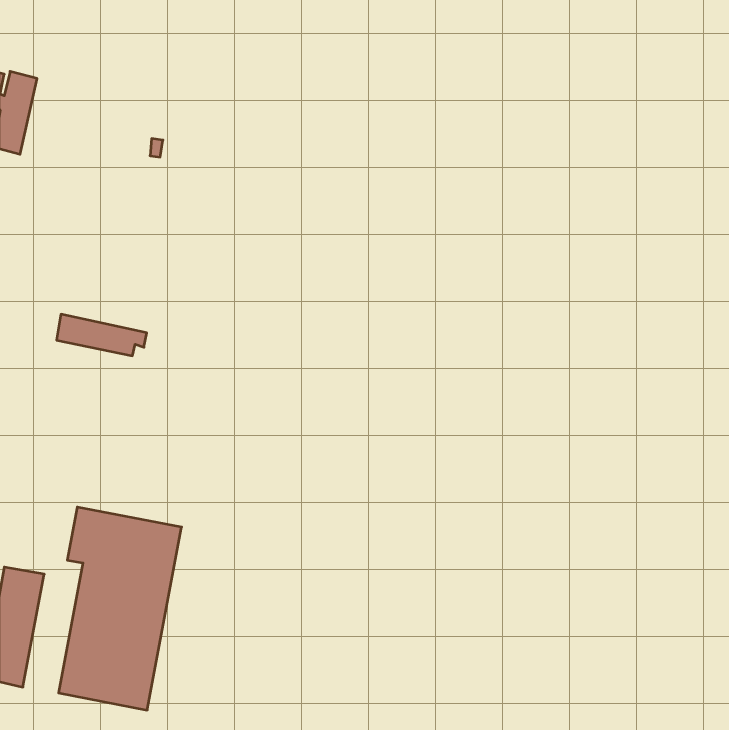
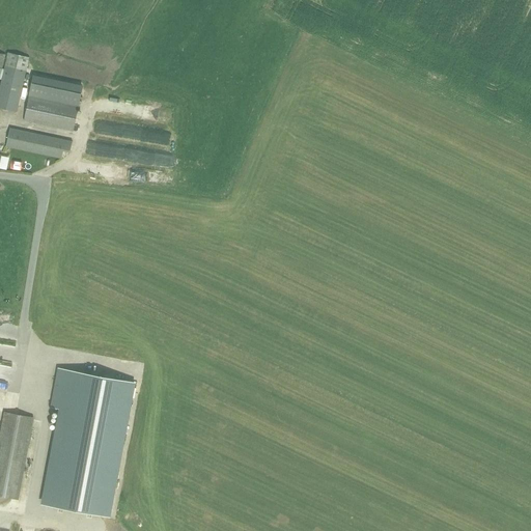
building: none -> [23,76,82,130]
building: [57,314,147,356] -> [5,129,71,159]

